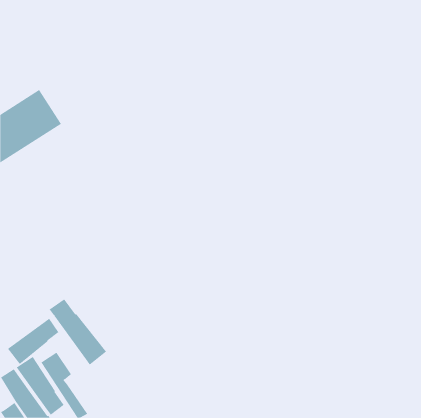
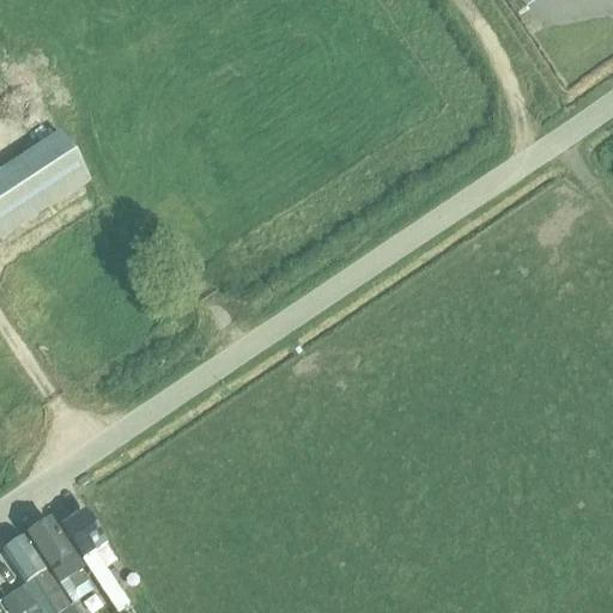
building: [49,299,107,366] -> none
building: [7,318,59,365] -> none

